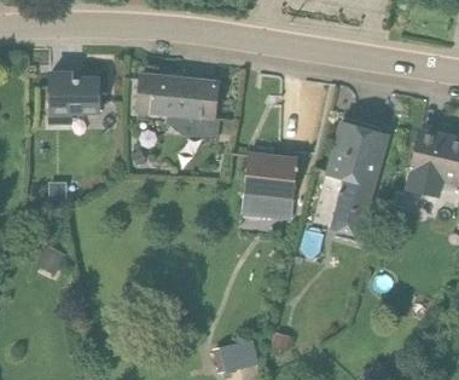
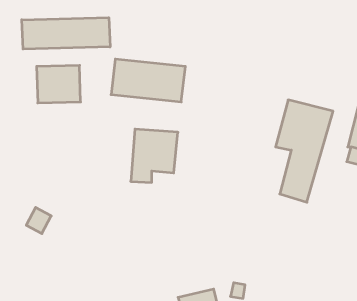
building: none -> [22,18,110,49]
building: [243,151,297,213] -> [131,129,178,182]

